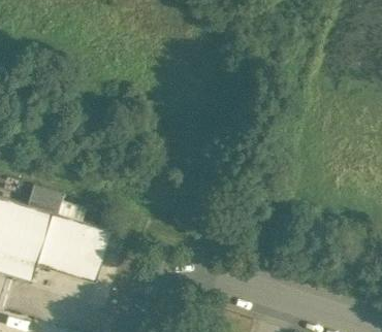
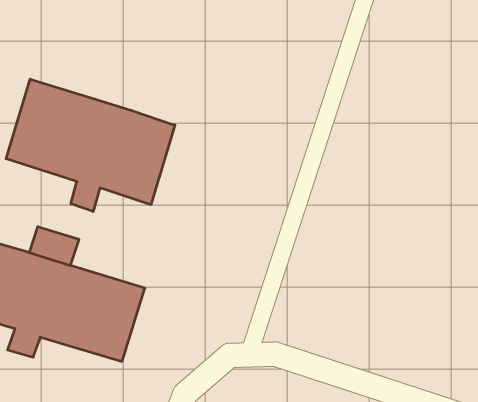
building: none -> [6,79,175,212]

